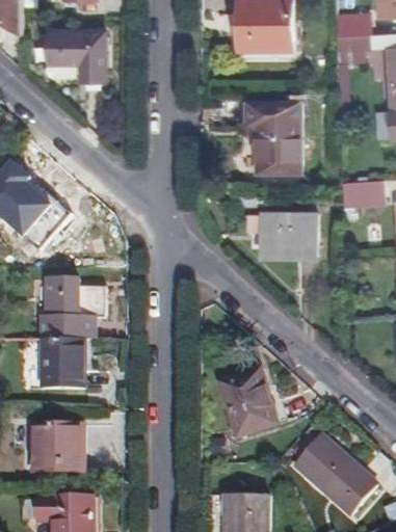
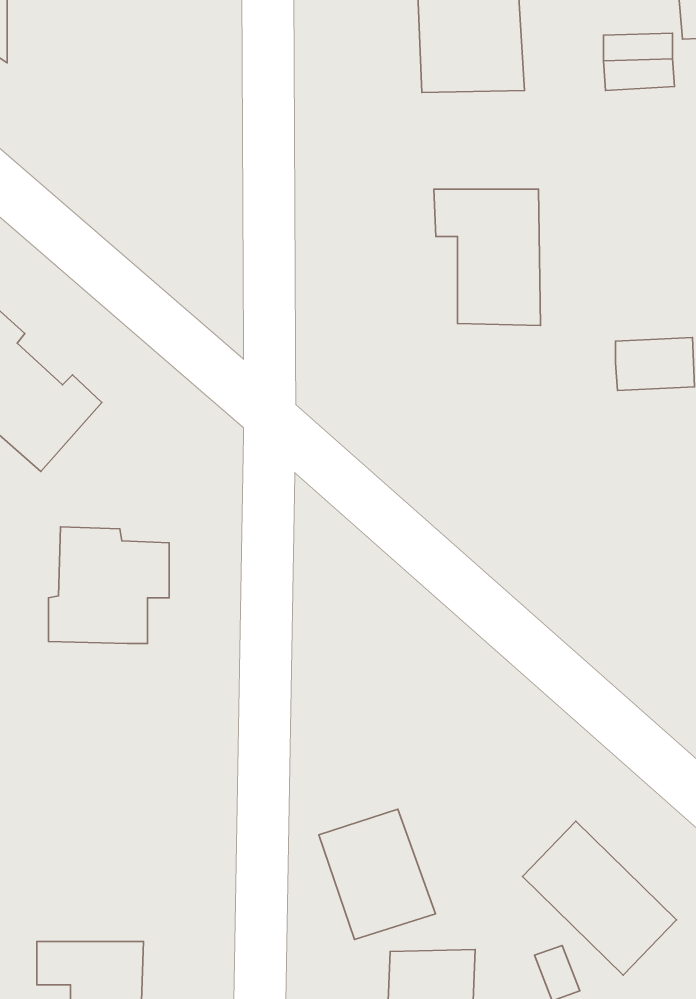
building: [49,32,105,80] -> none
building: [262,214,316,257] -> none
building: [37,339,83,388] -> none
building: [217,367,279,435] -> [319,809,435,939]
building: [30,423,83,470] -> none

